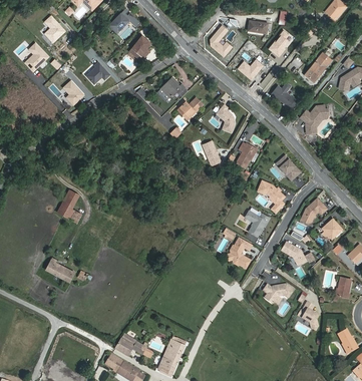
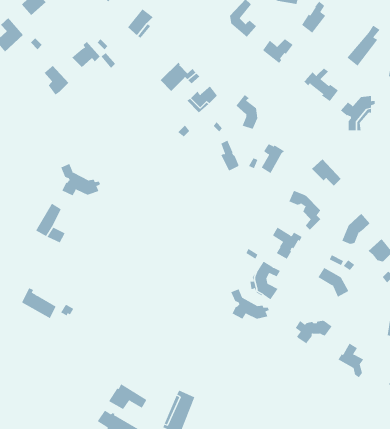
building: none -> [61,163,101,196]
building: none -> [230,289,270,320]

